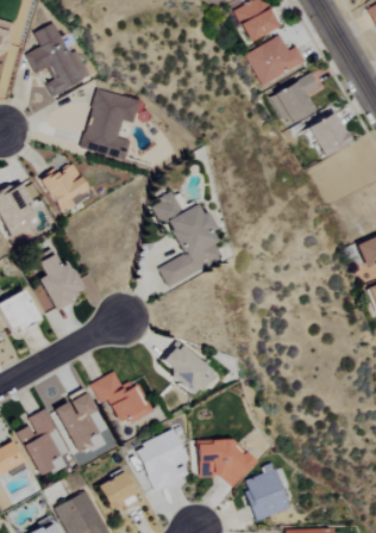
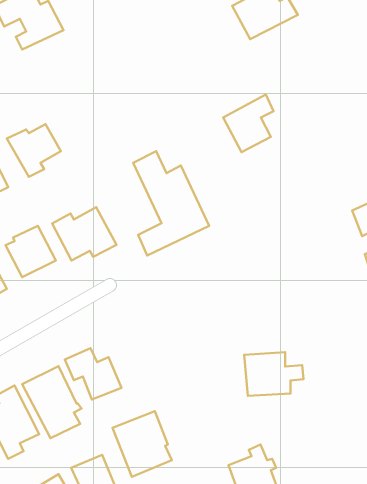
building: [274,73,320,126] -> [223,94,274,152]
building: [82,89,139,160] -> none
building: [309,113,350,156] -> none
building: none -> [52,207,117,261]
building: [159,341,213,393] -> none
building: [198,439,252,479] -> [244,352,303,396]

